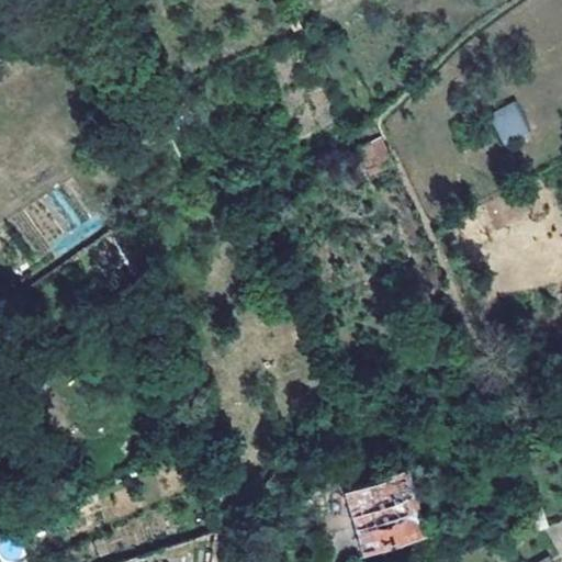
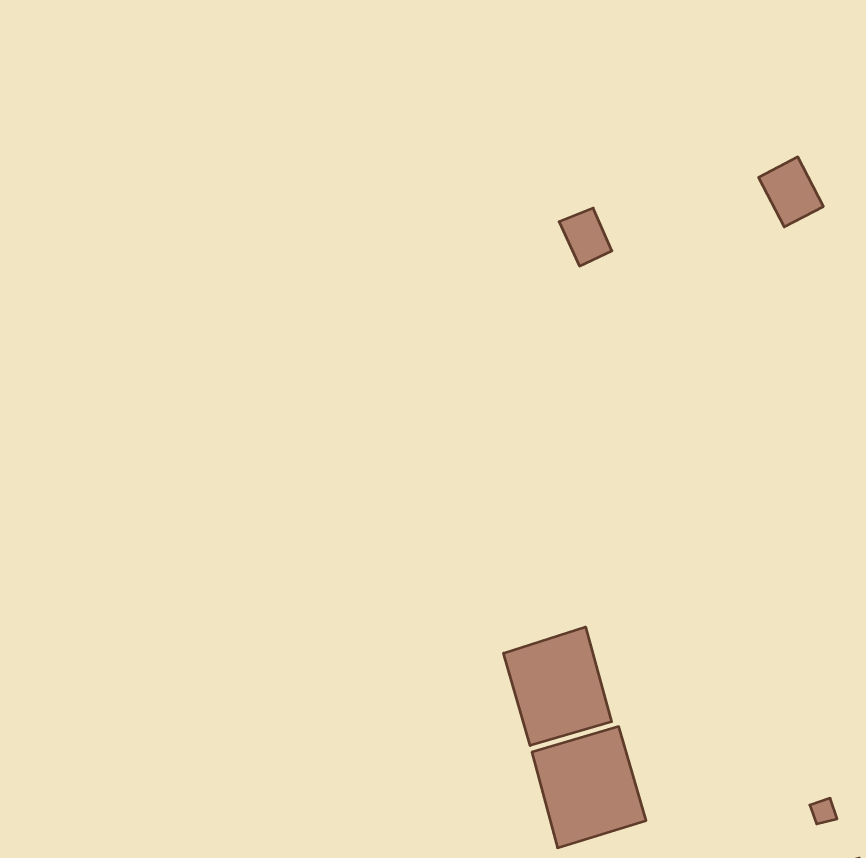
building: none -> [504,627,612,746]

